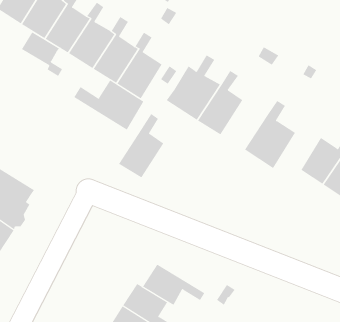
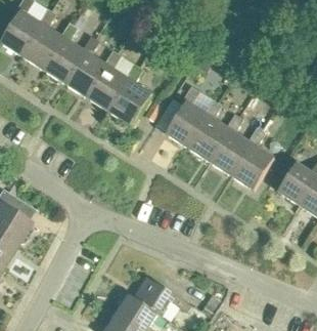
building: [21,32,63,77] -> none
building: [73,80,144,130] -> none
building: [118,113,164,178] -> [205,112,246,171]

